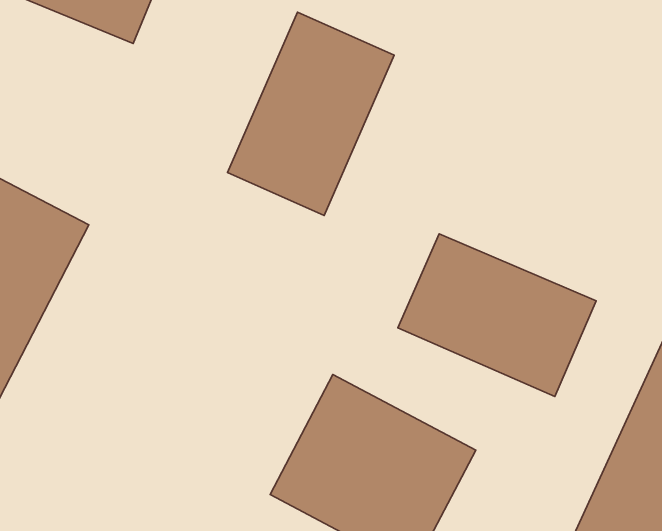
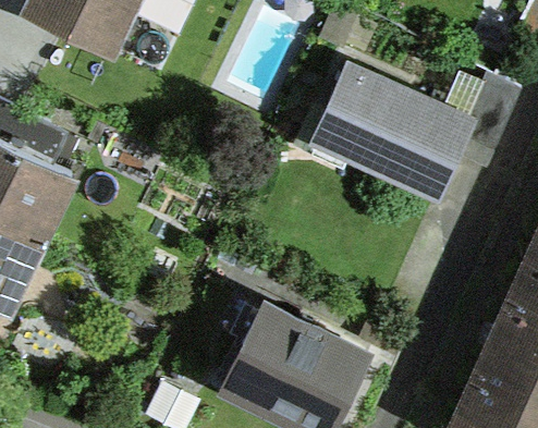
building: [227,12,394,215] -> none
building: [398,234,596,396] -> [316,68,467,192]

